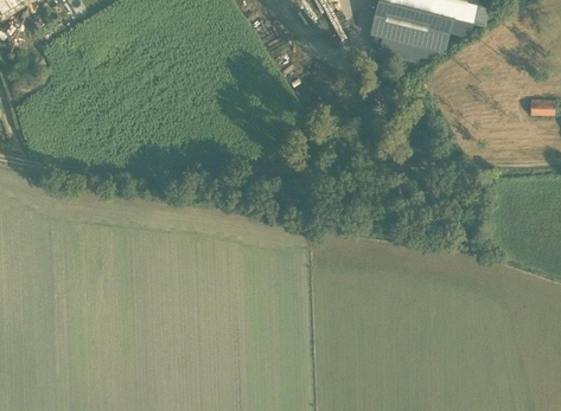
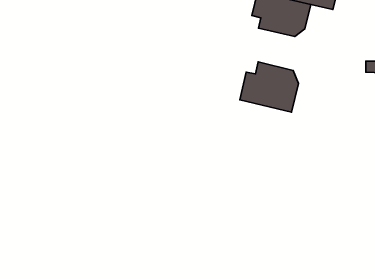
building: none -> [240,62,298,112]

